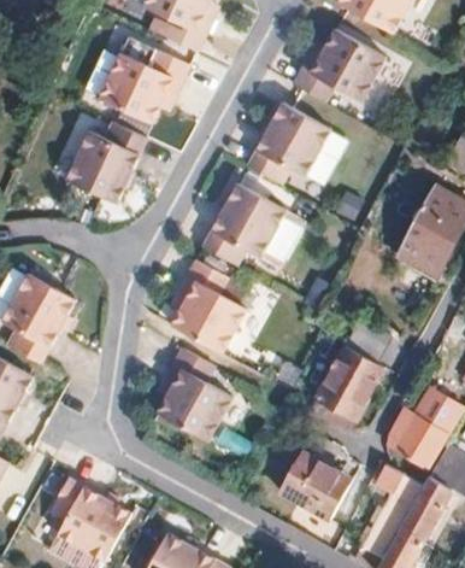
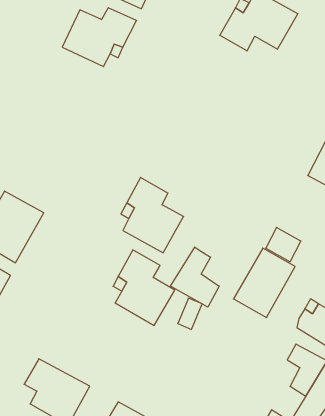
building: [246,101,330,183] -> none
building: [65,121,147,201] -> none
building: [201,182,302,265] -> none
building: none -> [170,247,219,307]
building: [279,451,349,519] -> none

